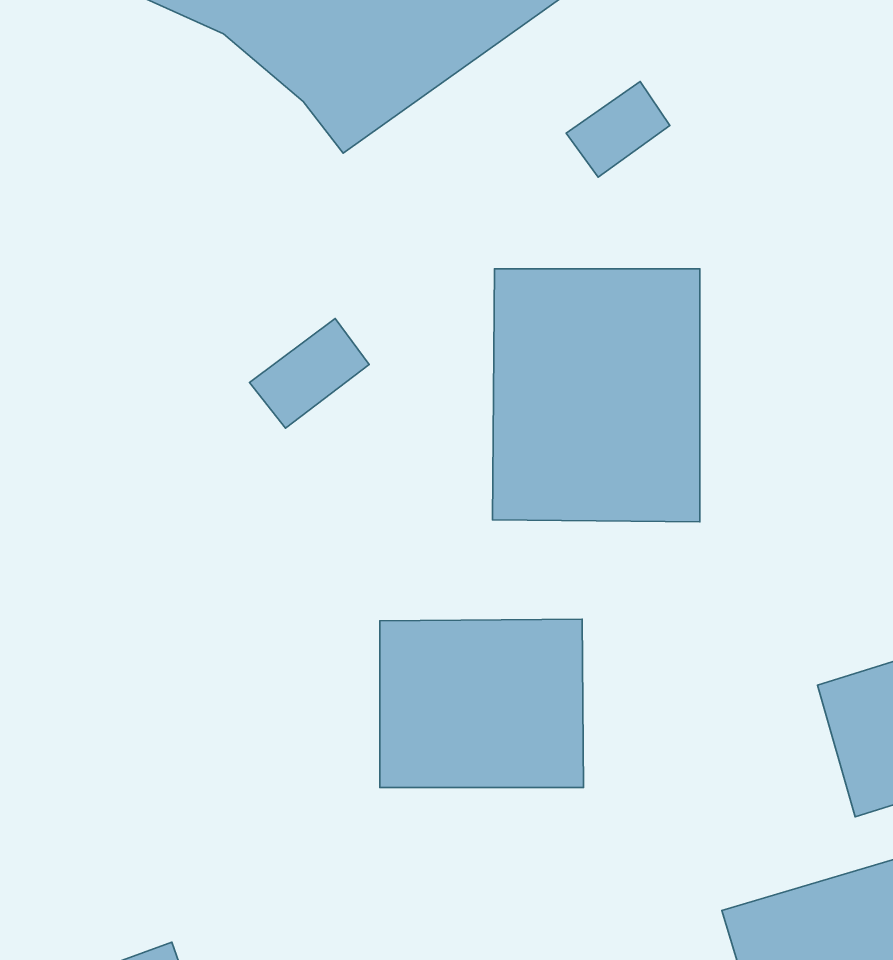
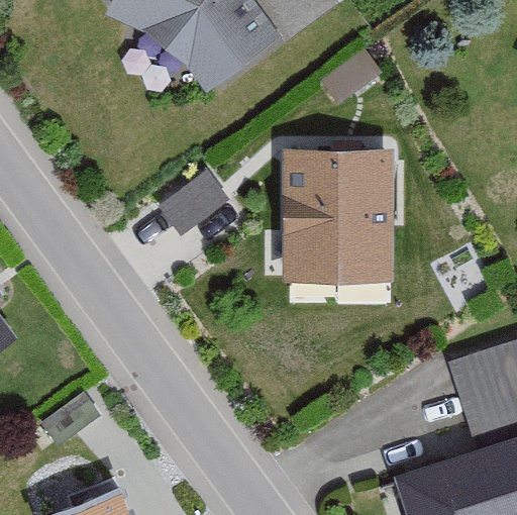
building: [380,619,584,788] -> none

